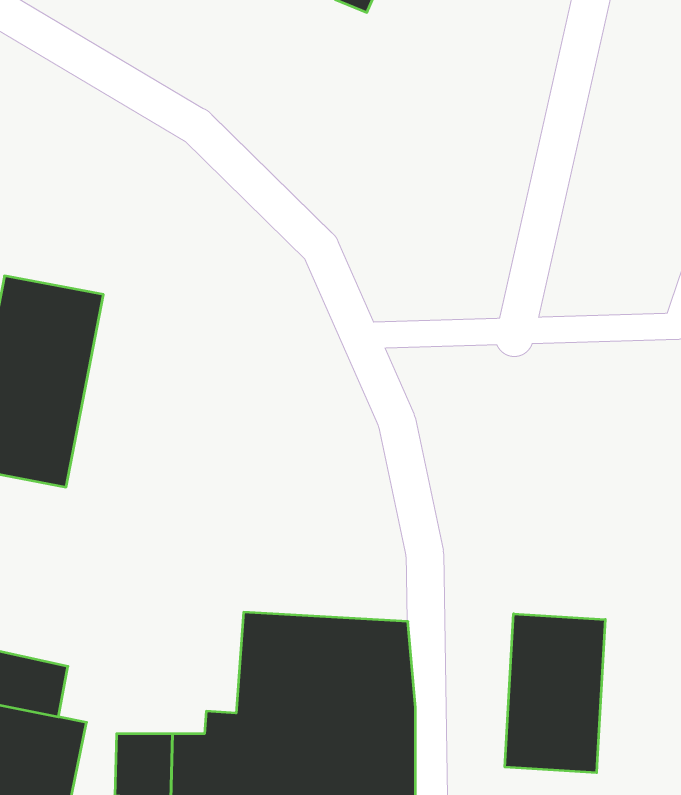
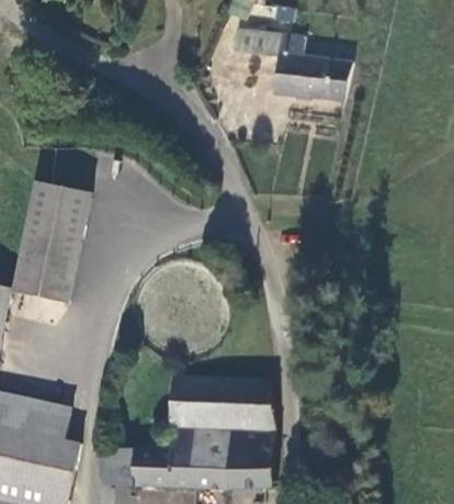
building: none -> [234,30,351,104]
building: [505,614,605,773] -> none

